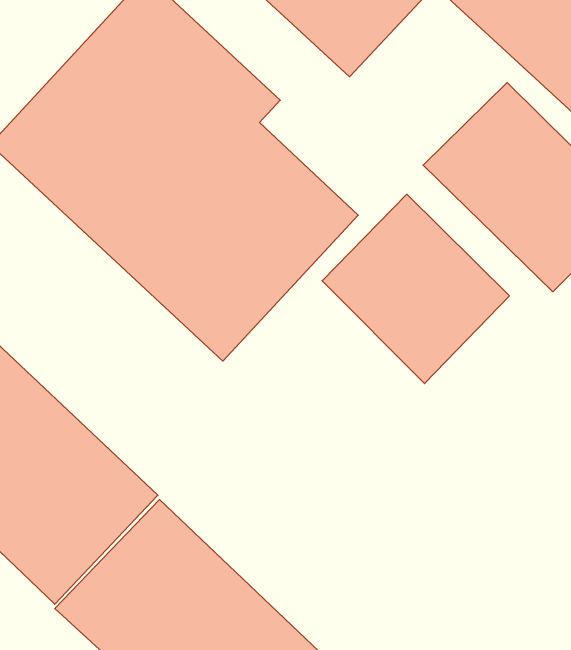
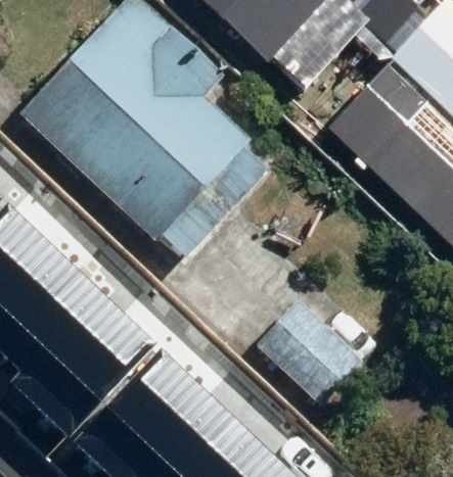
building: [322,194,509,384] -> none
building: none -> [253,290,367,403]

